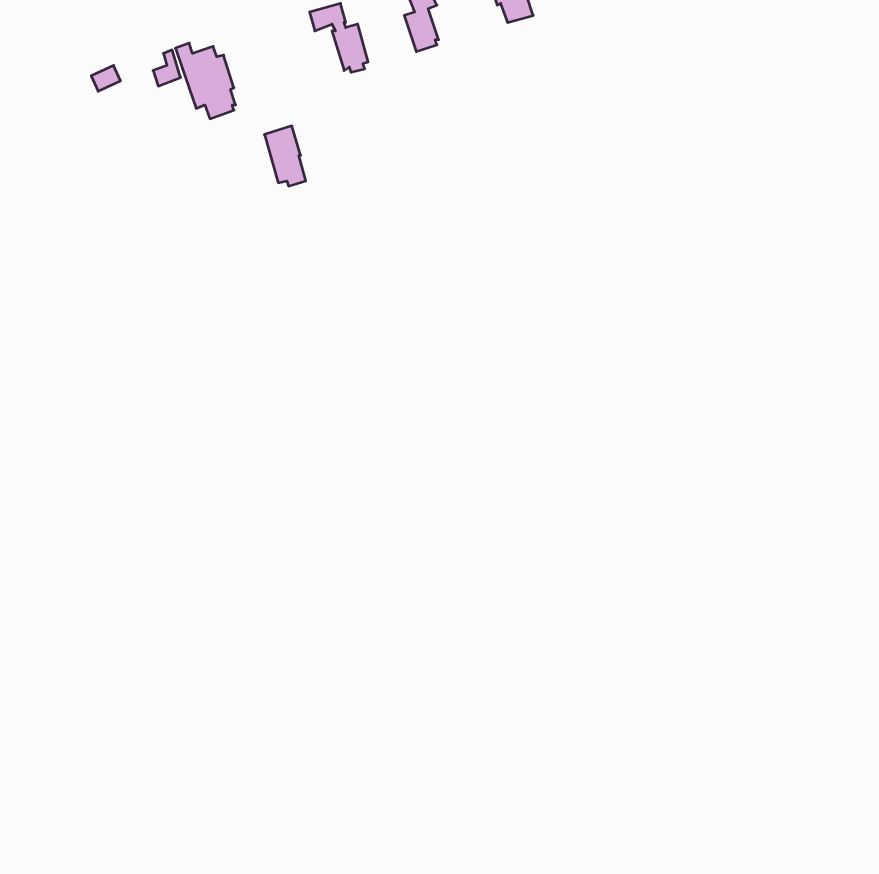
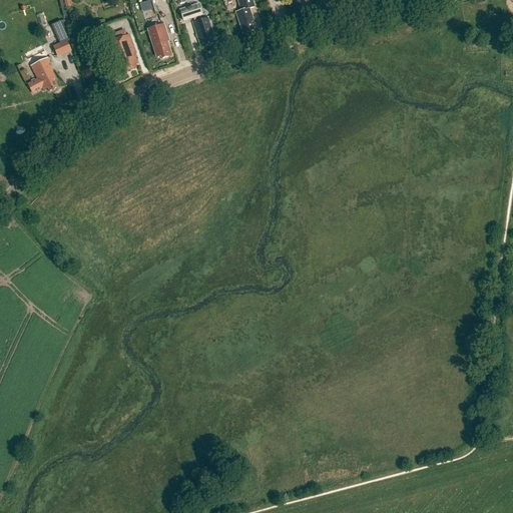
building: none -> [27,54,56,92]
building: [264,126,306,186] -> [148,20,172,55]

